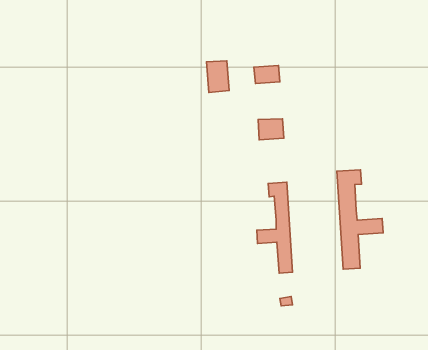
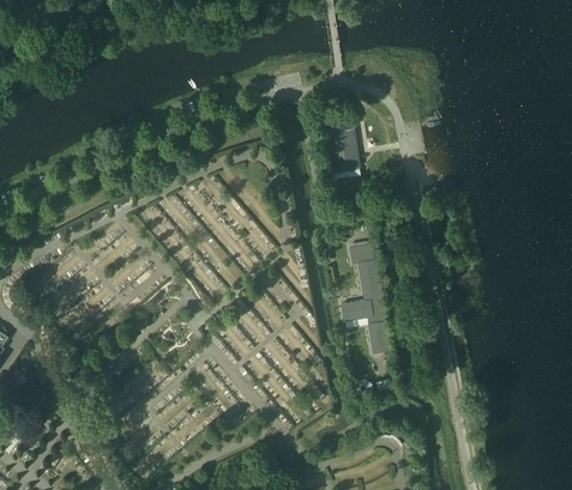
building: [207,61,229,93] -> [329,129,359,169]
building: [337,170,383,269] -> none

